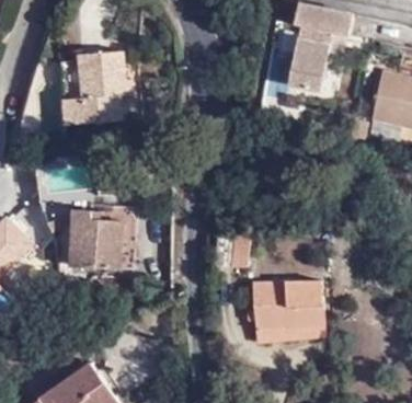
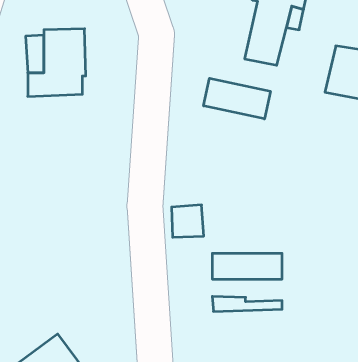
building: none -> [204,78,270,119]
building: [75,204,124,262] -> none
building: [252,310,323,333] -> none

